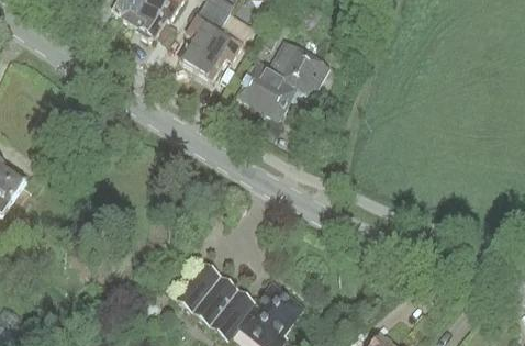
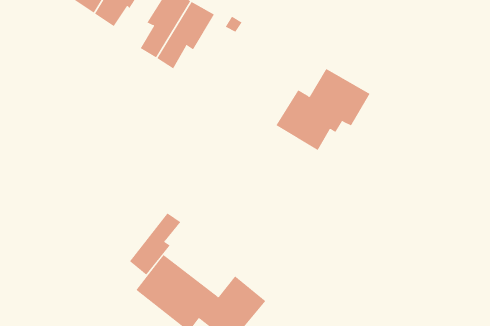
building: [236,40,329,121] -> [276,68,371,151]
building: none -> [129,212,181,276]

